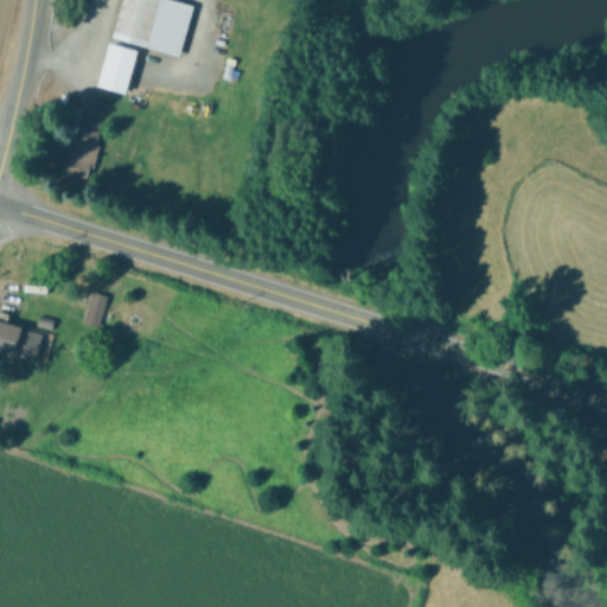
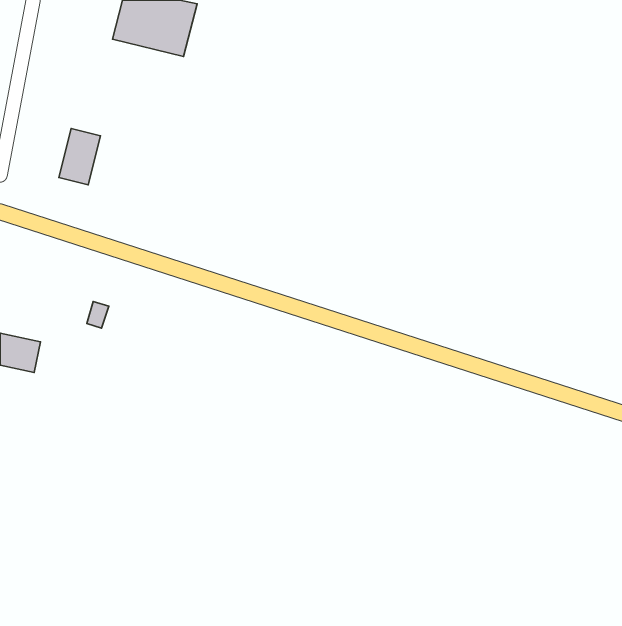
building: [100,44,136,92] -> none

